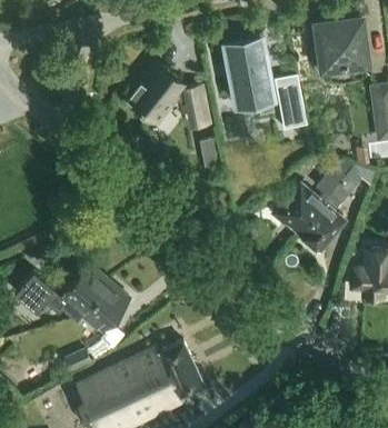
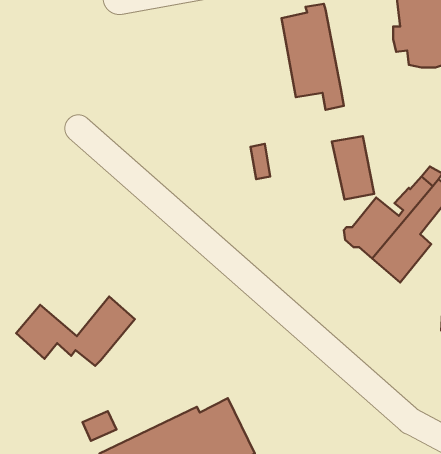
building: [127,61,209,122] -> none
building: [273,77,307,127] -> [332,136,374,200]
building: [83,279,131,329] -> none

